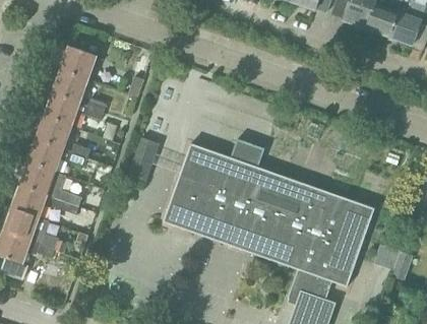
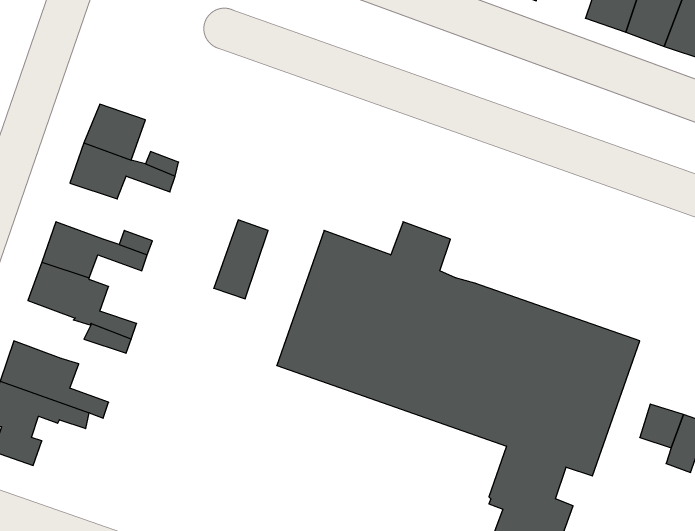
building: [61,46,97,79] -> none
building: [36,116,71,148] -> none
building: [11,184,47,217] -> none

